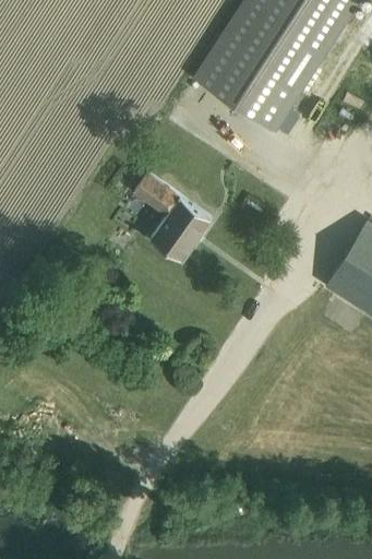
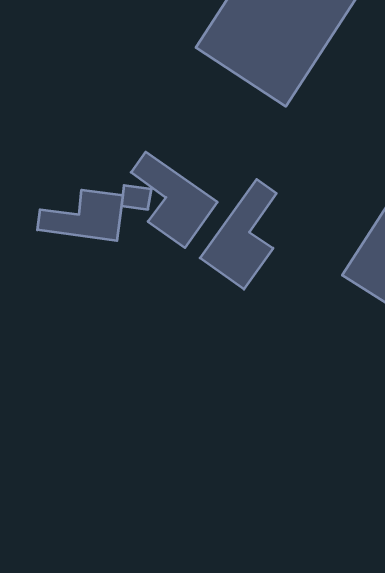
building: none -> [200,179,276,289]
building: none -> [37,190,123,241]

